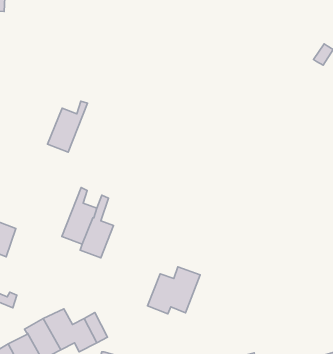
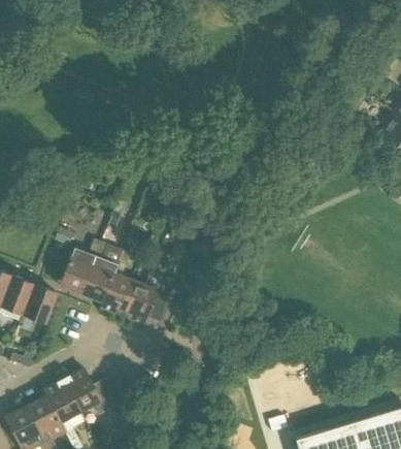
building: [48,101,88,152] -> [58,238,100,292]
building: none -> [21,284,55,322]
building: [147,267,200,314] -> [121,274,176,323]

